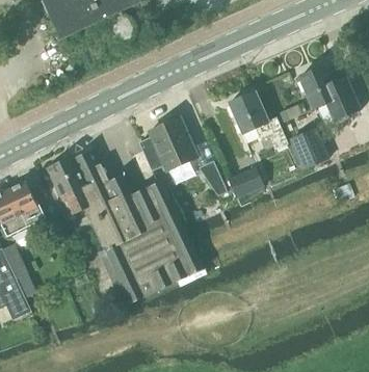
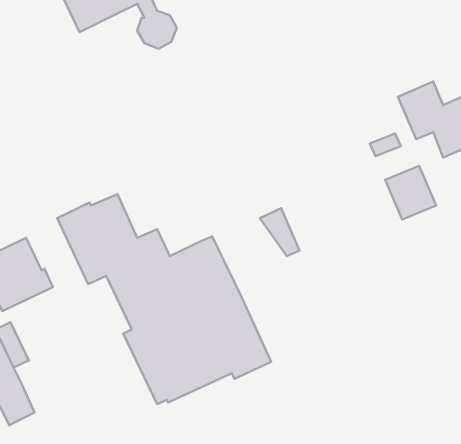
building: [228,90,287,150] -> none
building: [138,117,196,170] -> none
building: [227,166,263,197] -> none

